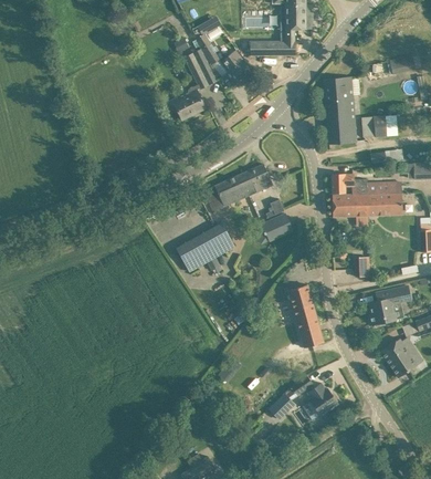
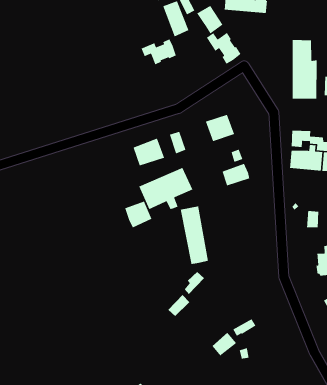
building: none -> [206,32,241,65]
building: [216,174,251,206] -> [133,138,165,167]
building: none -> [124,200,153,228]
building: [288,284,324,347] -> [180,206,209,265]
building: [308,383,339,416] -> none

